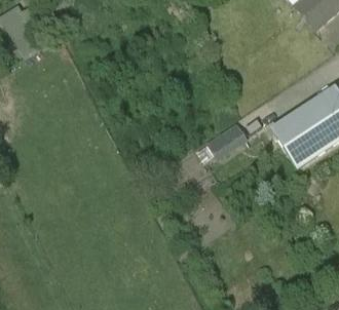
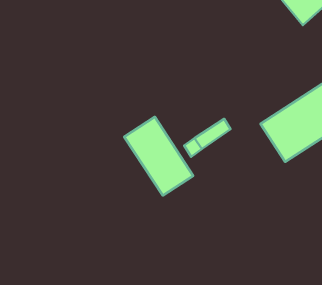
building: none -> [124,117,193,196]

